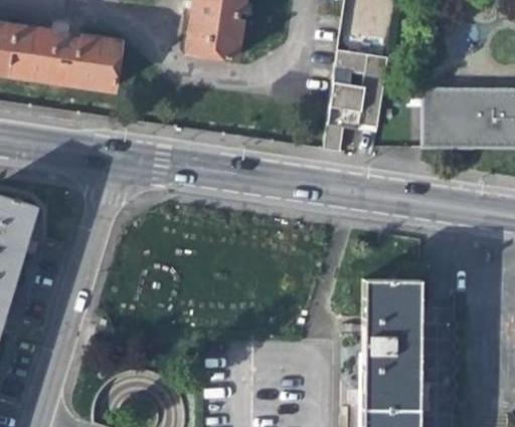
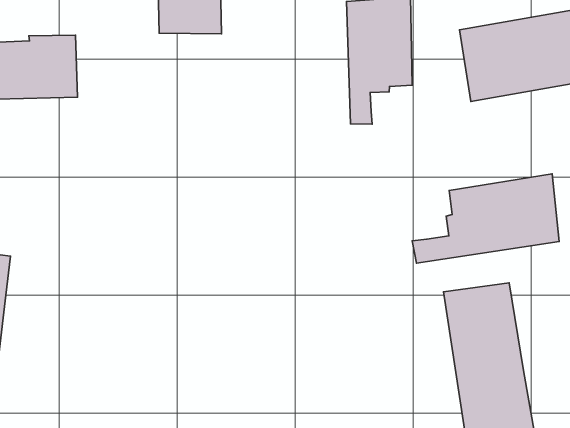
building: none -> [412,174,559,263]

